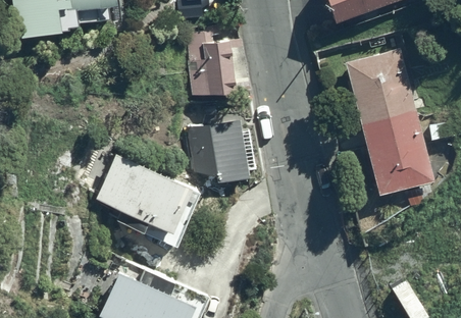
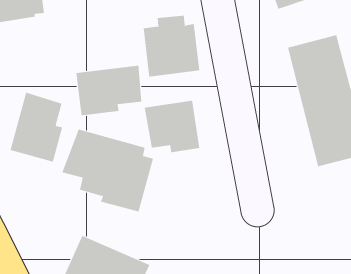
building: none -> [76,65,142,116]
building: none -> [10,92,63,162]

